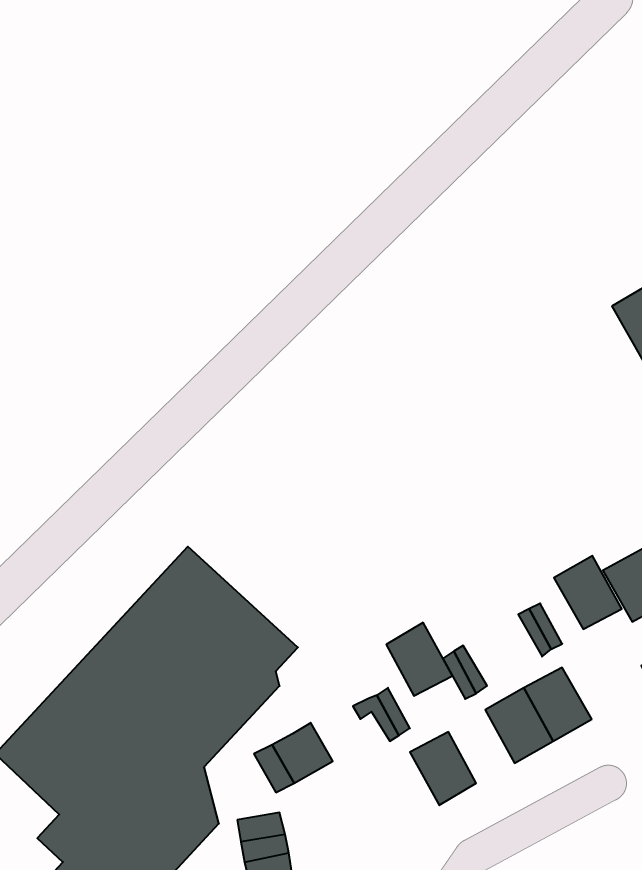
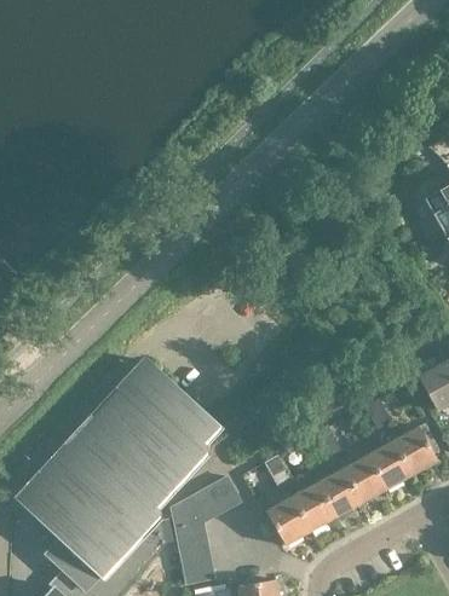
building: [554,556,622,629] -> [392,426,437,474]
building: [386,623,452,696] -> [317,468,361,516]
building: none -> [265,496,311,545]
building: none -> [171,497,206,540]

